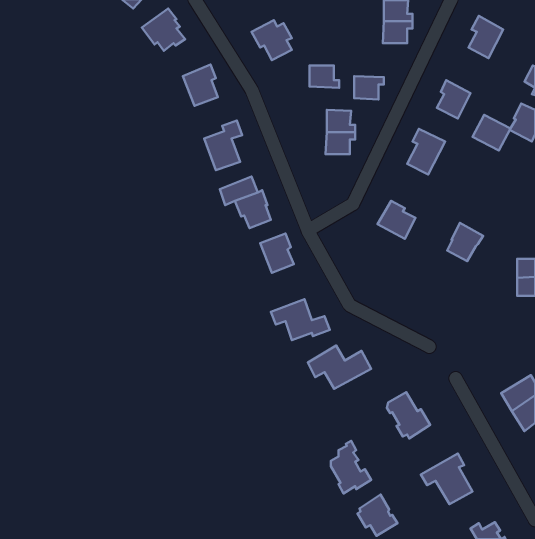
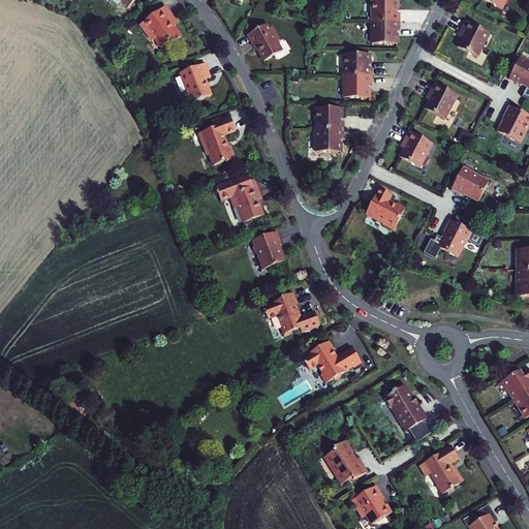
building: [310,65,339,88] -> [346,54,375,75]
building: [472,115,510,151] -> [454,163,491,198]

